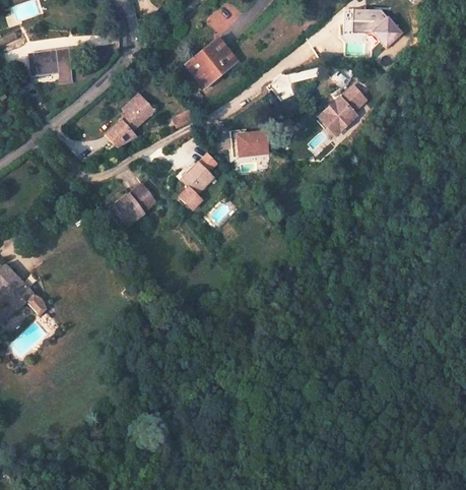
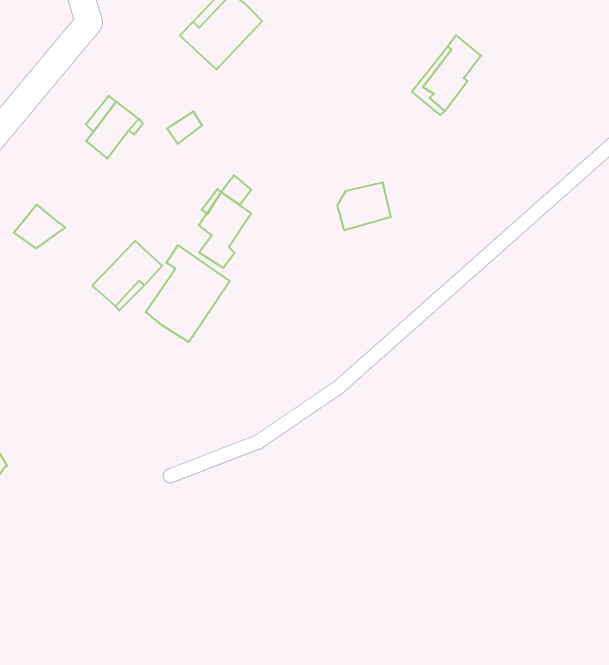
building: [104,119,135,145] -> [14,204,65,248]
building: [237,131,268,157] -> [337,183,391,230]
building: none -> [146,245,230,342]

